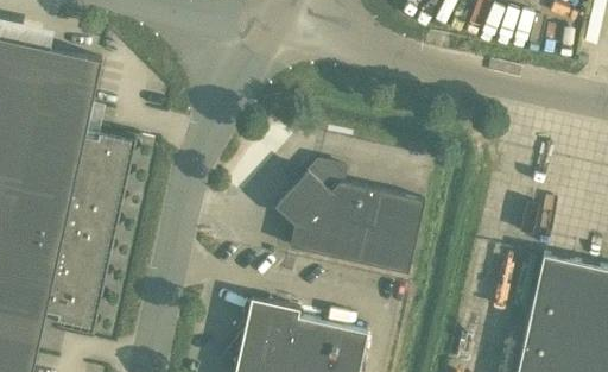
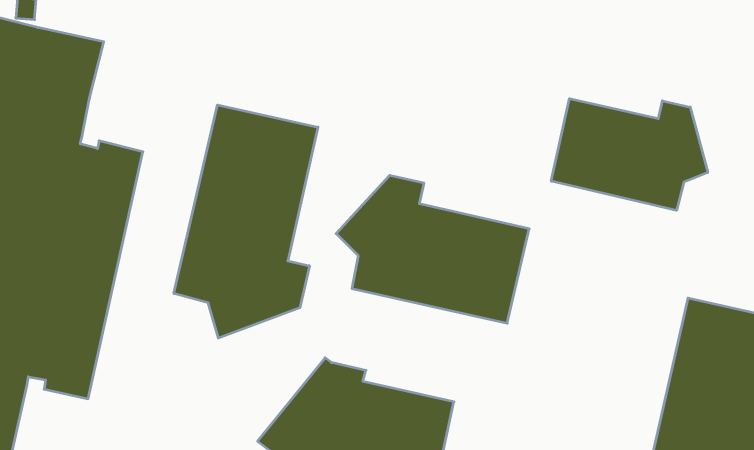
building: none -> [551,99,708,210]
building: none -> [174,105,318,338]

